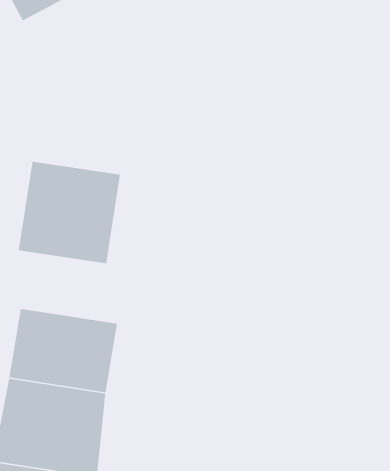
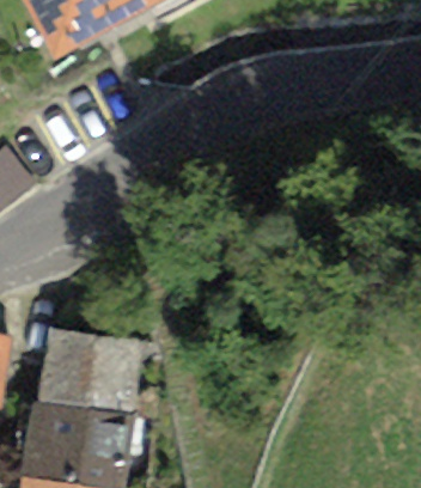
building: [18,161,121,264] -> none

